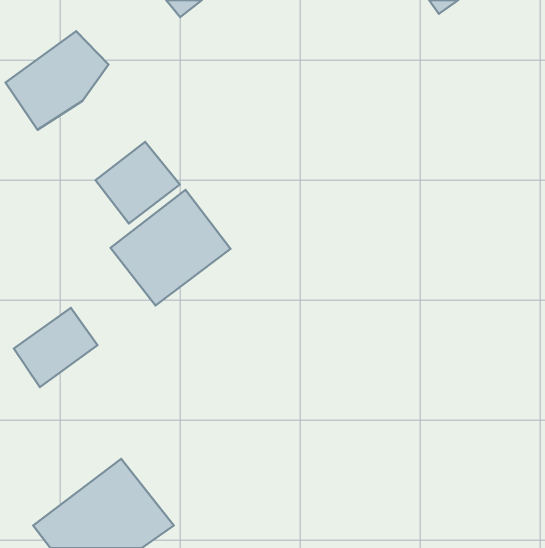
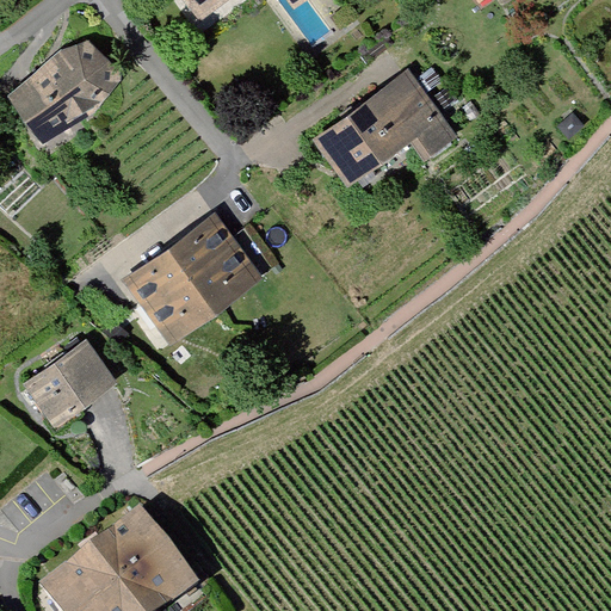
building: none -> [316,73,457,180]
building: [95,142,180,223] -> none

